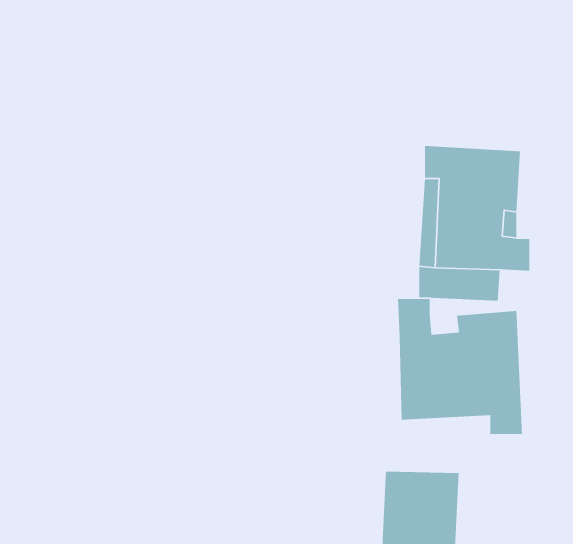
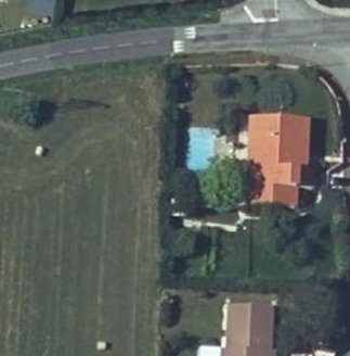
building: [397,298,523,435] -> none

